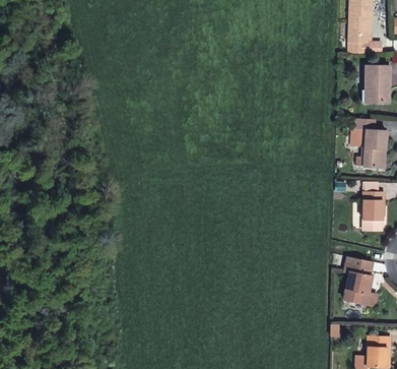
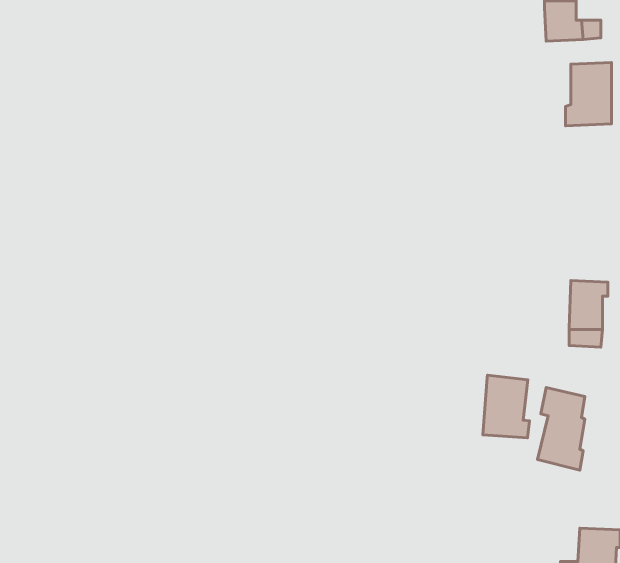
building: [356,120,387,167] -> none
building: none -> [483,375,530,438]

